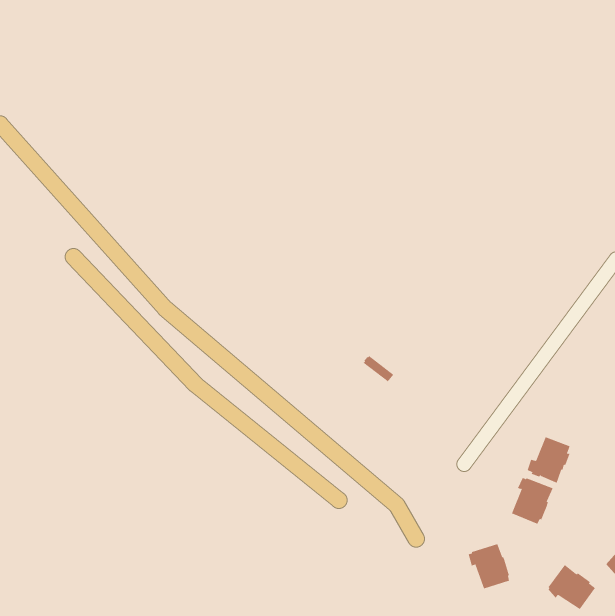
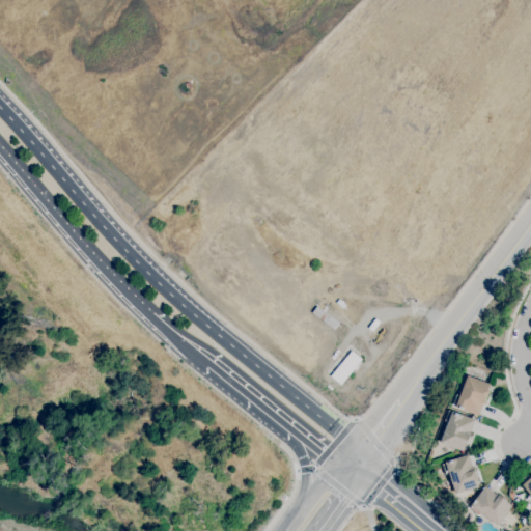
building: none -> [332,351,363,384]
building: [468,543,510,589] -> [444,454,480,494]

